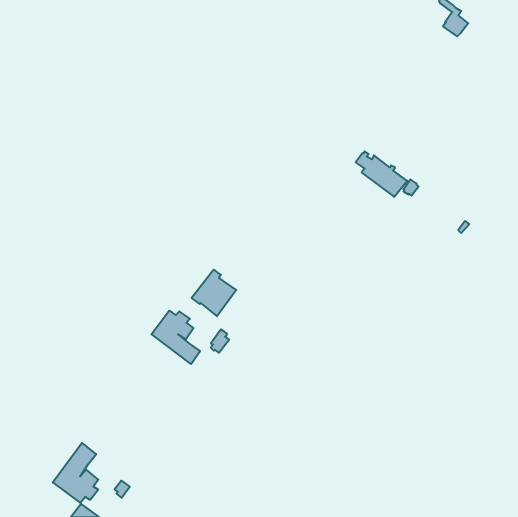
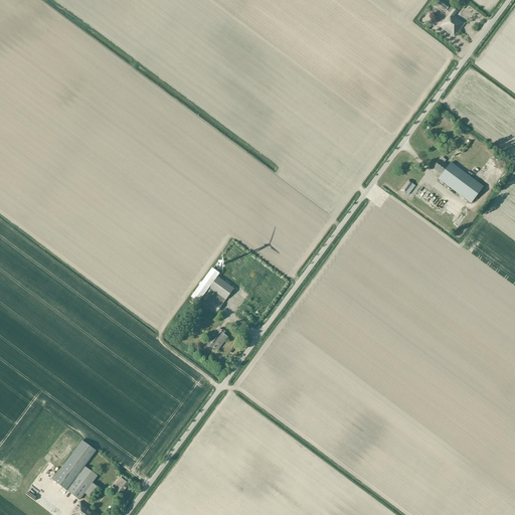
building: [356,151,407,197] -> [433,157,484,202]
building: [151,311,200,364] -> none

